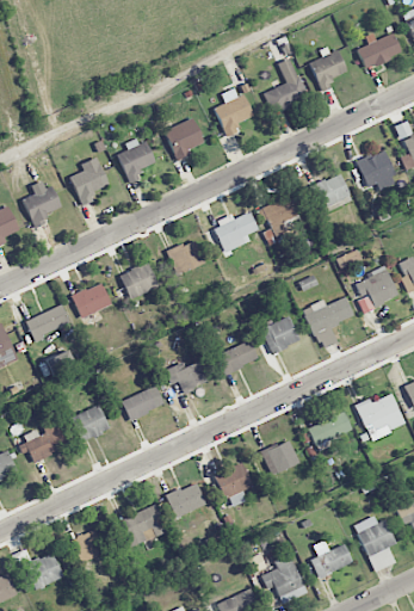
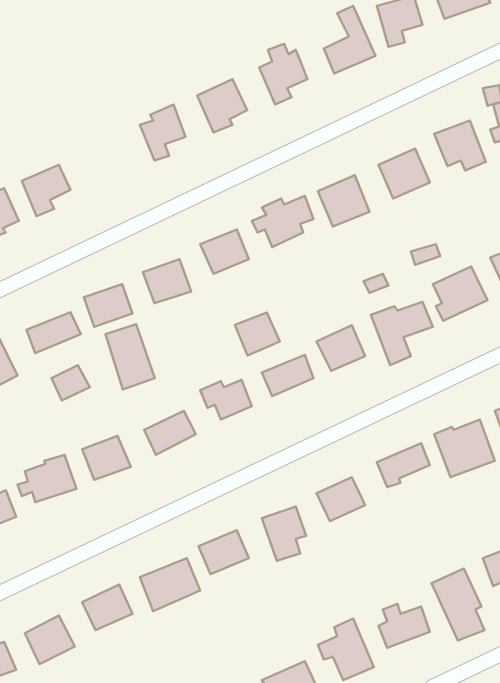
building: [69,158,109,205] -> none
building: none -> [235,313,280,355]
building: none -> [105,324,155,390]

